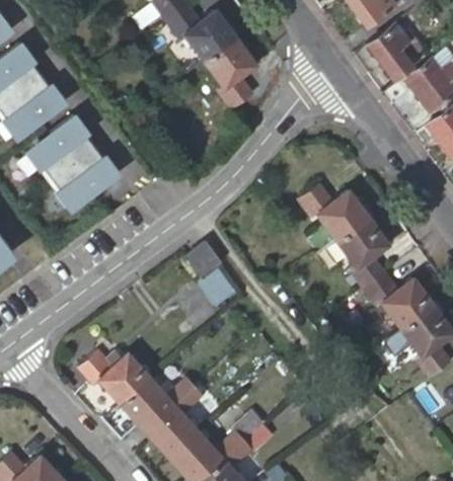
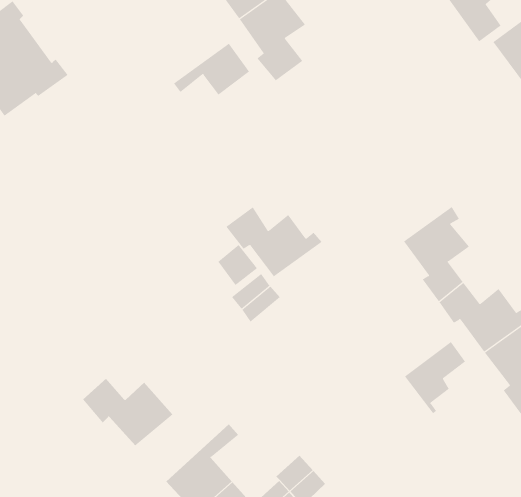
building: none -> [173,43,250,95]
building: [28,117,120,211] -> none
building: [296,182,374,239] -> [225,206,323,277]
building: none -> [404,341,466,414]
building: [120,377,195,431] -> none

